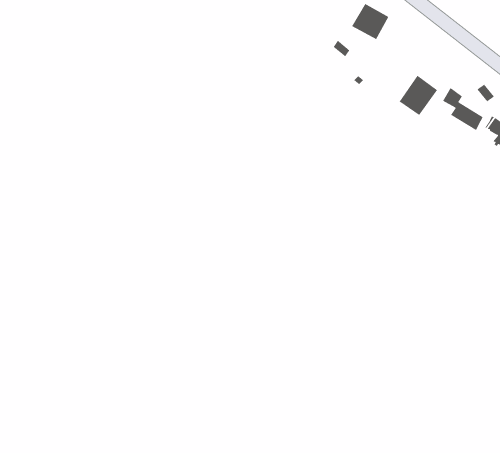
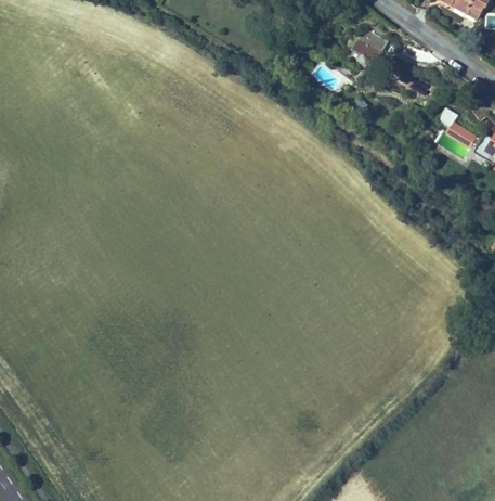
building: [399,75,438,116] -> none

